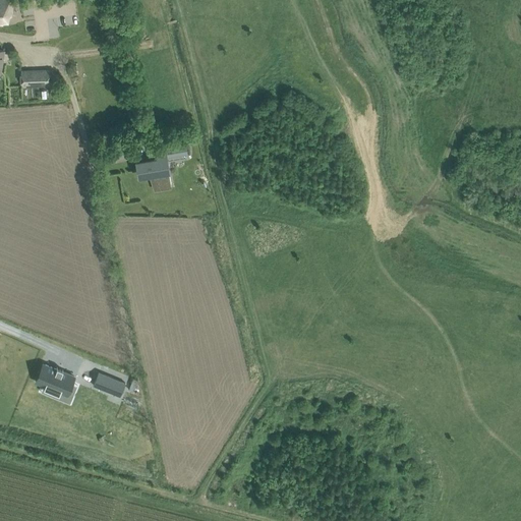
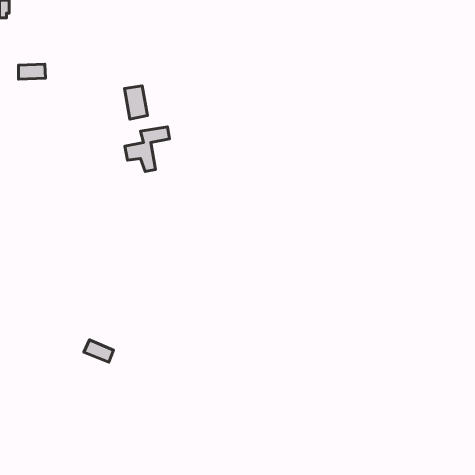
building: none -> [124,86,147,119]
building: [37,365,73,395] -> none

